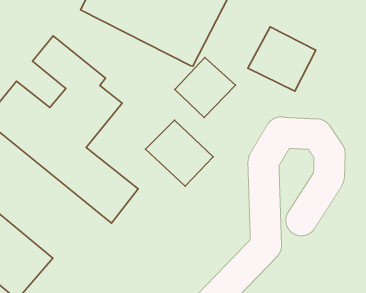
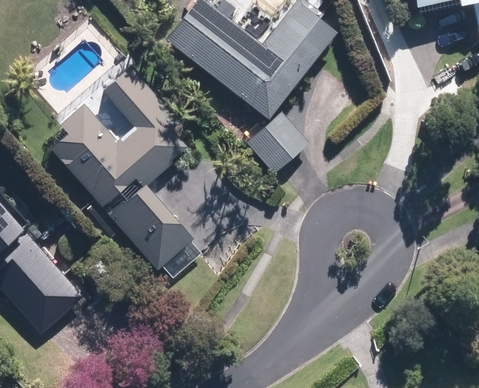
building: [248,27,316,91] -> none
building: [145,120,213,186] -> none

